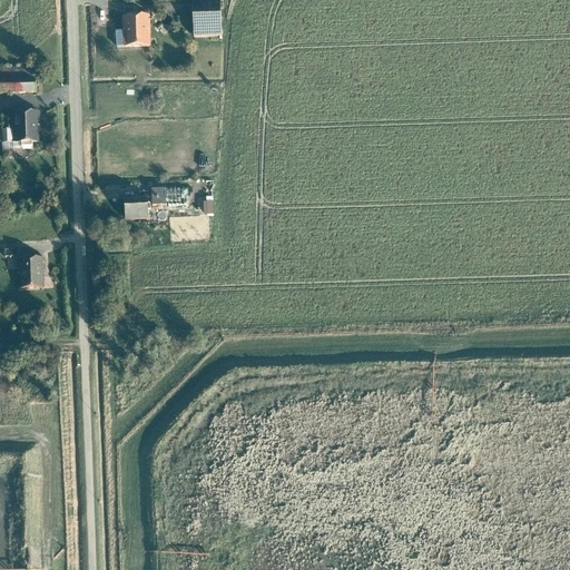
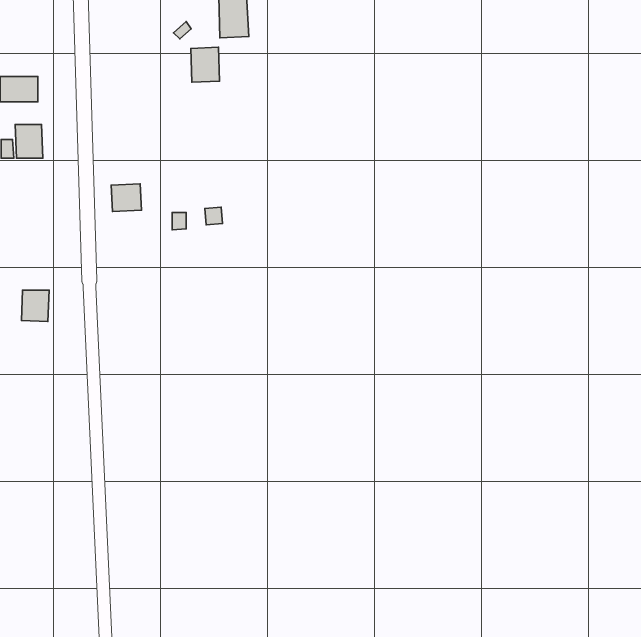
building: [125,13,150,45] -> [191,47,220,82]
building: [124,195,150,219] -> [111,184,141,212]

